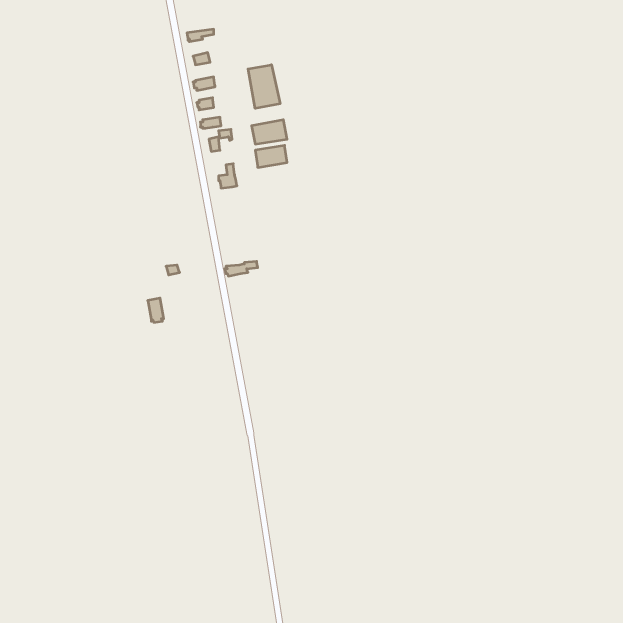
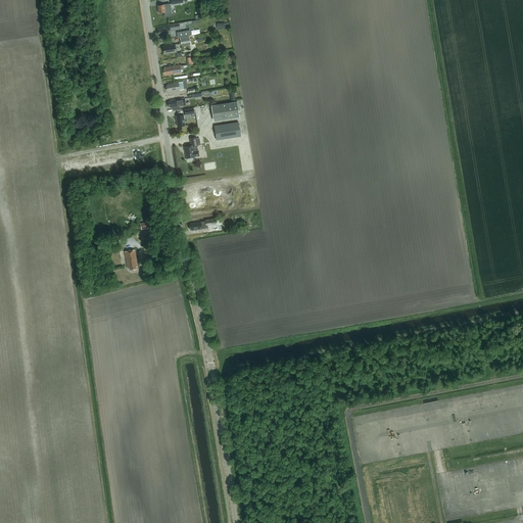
building: [248,65,280,108] -> none

